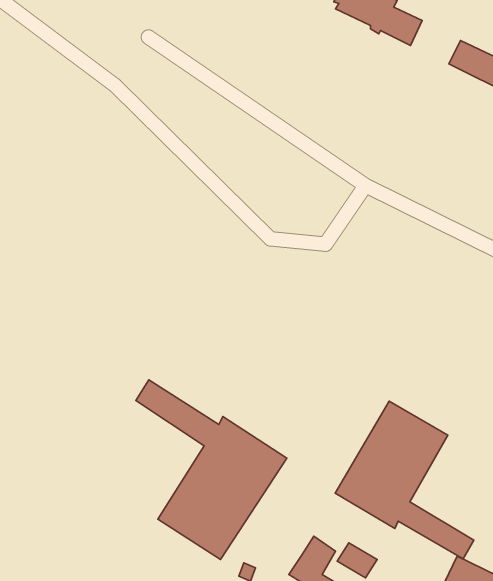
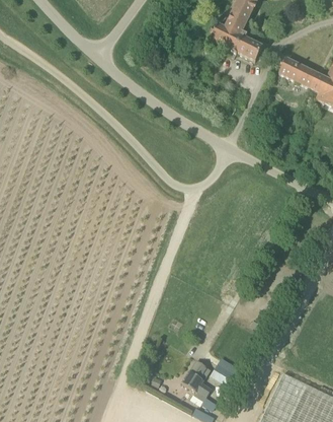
building: [136,380,287,559] -> none
building: [335,401,474,559] -> none

